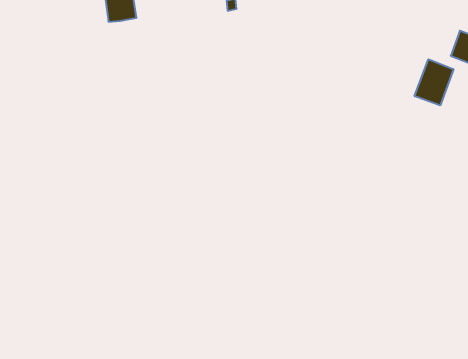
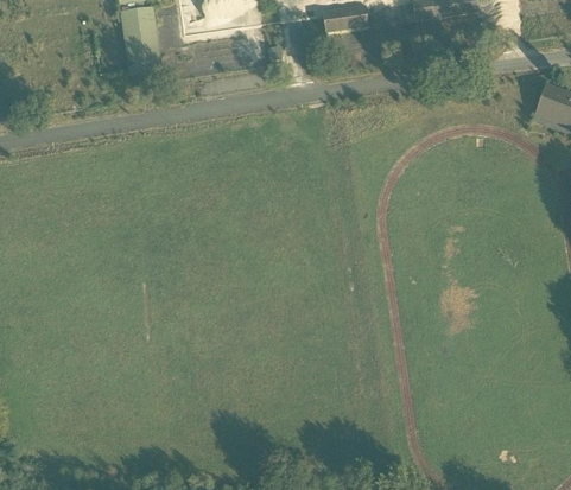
building: [415,59,453,105] -> none

